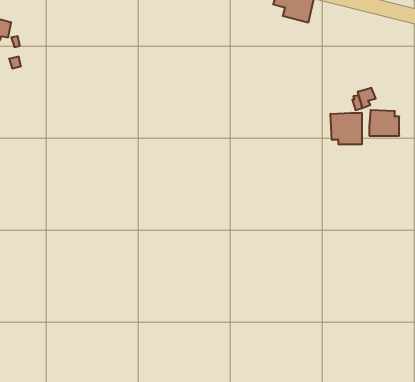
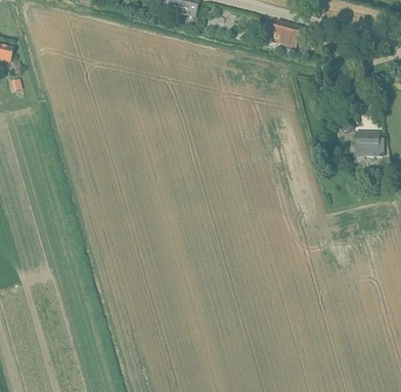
building: [331,113,362,144] -> none

